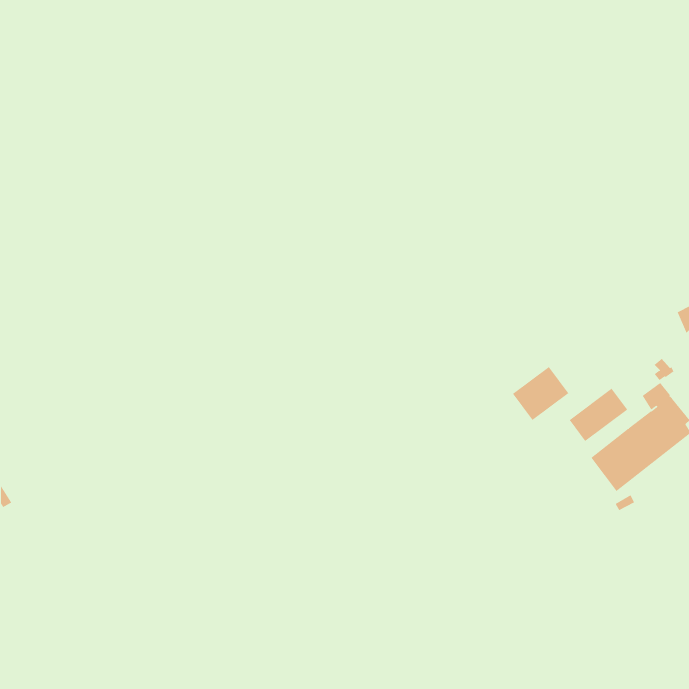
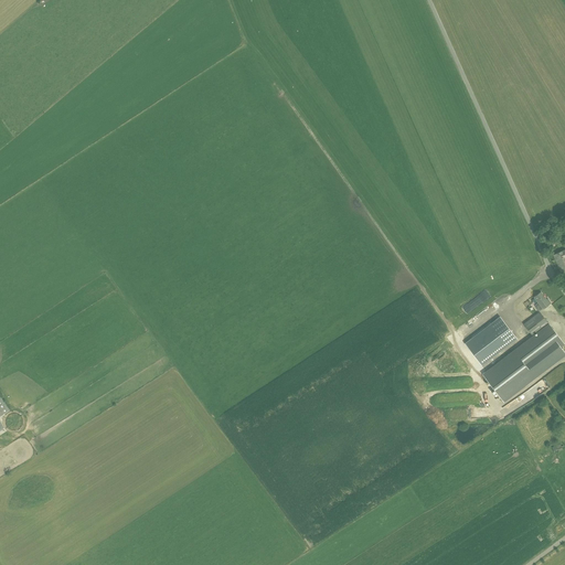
building: [512,366,569,421] -> none

